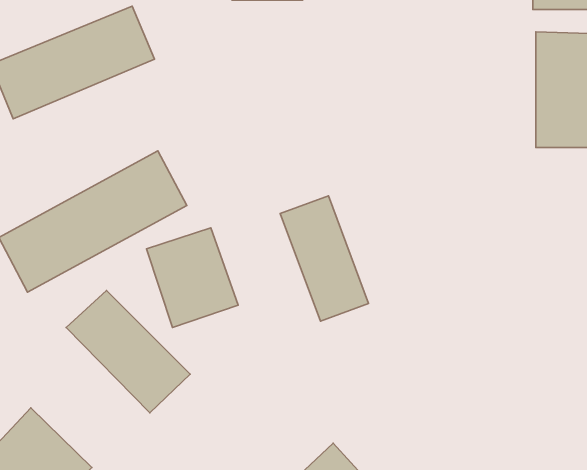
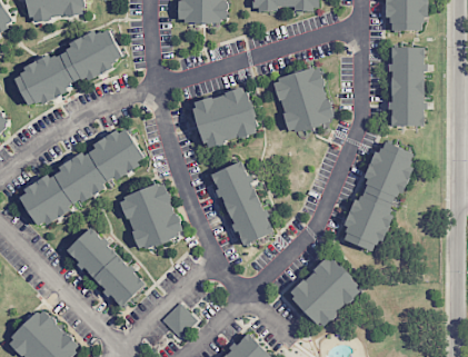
building: none -> [271,66,333,135]
building: none -> [190,86,259,148]
building: none -> [340,138,415,250]
building: none -> [286,254,362,330]
building: none -> [161,301,197,338]

